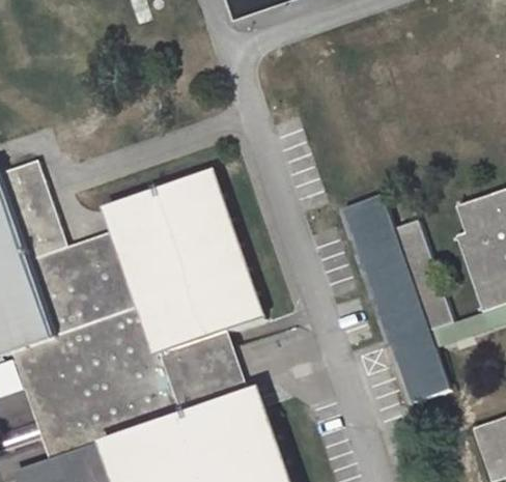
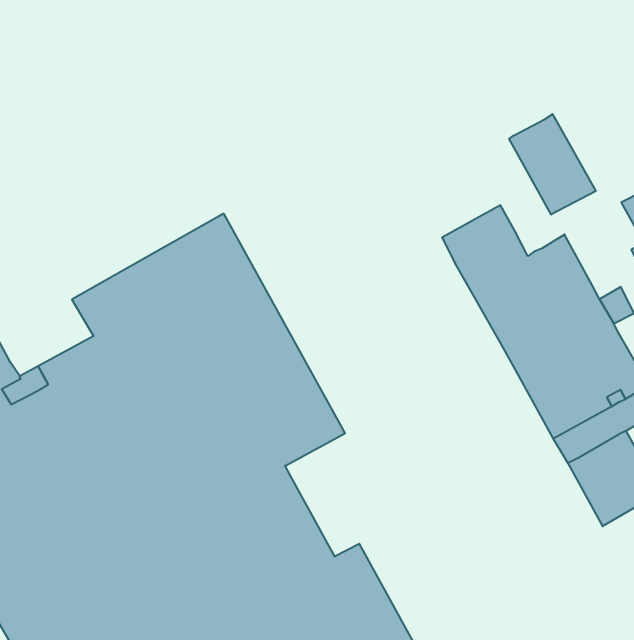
building: none -> [509,114,596,215]

